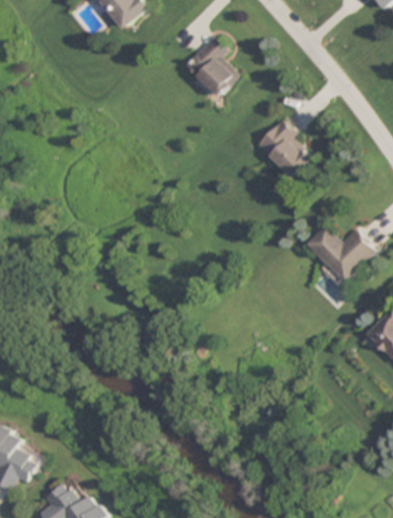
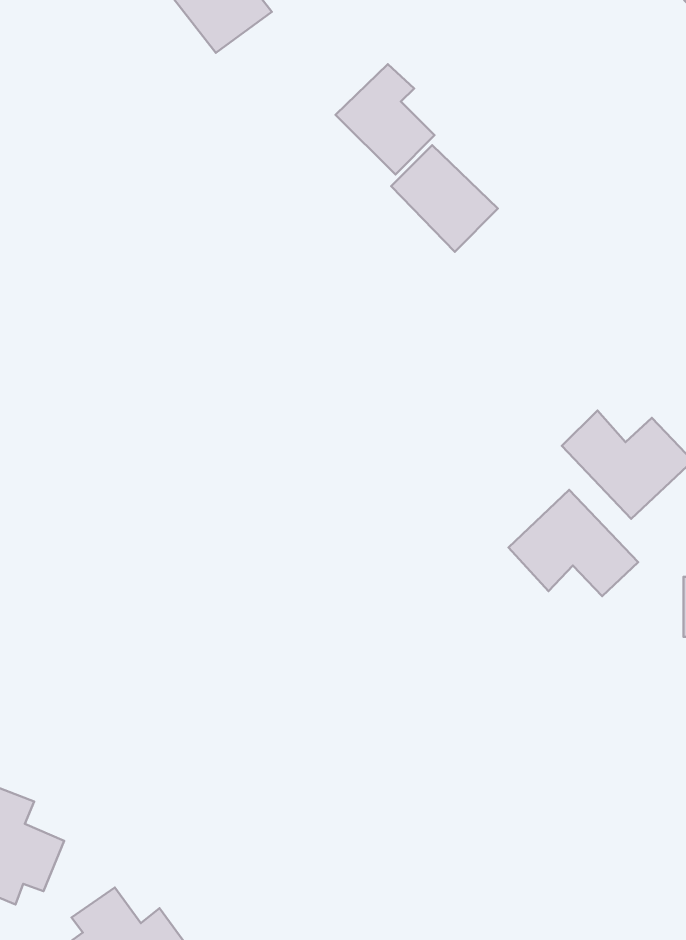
building: [256,121,314,179] -> [391,145,498,252]
building: none -> [508,490,638,596]

